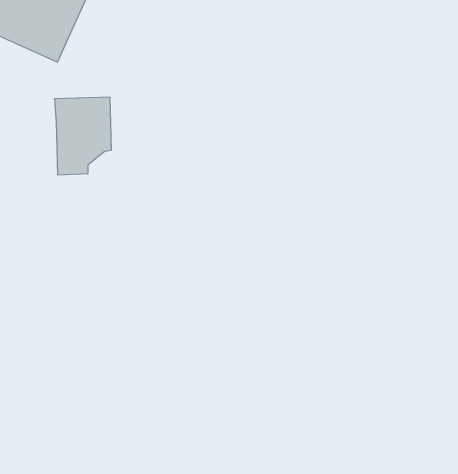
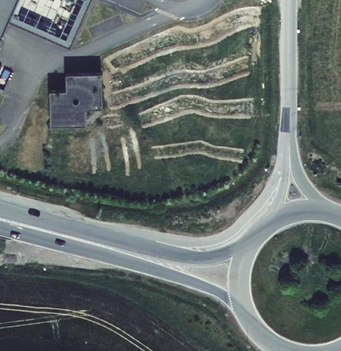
building: none -> [49,90,66,127]

